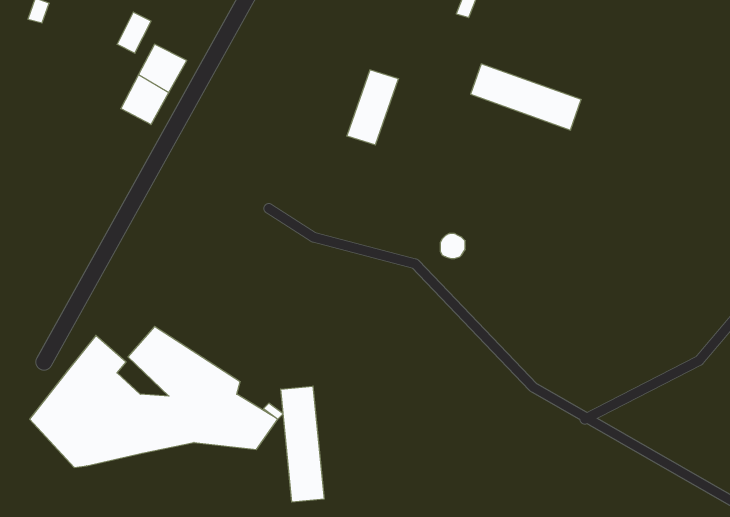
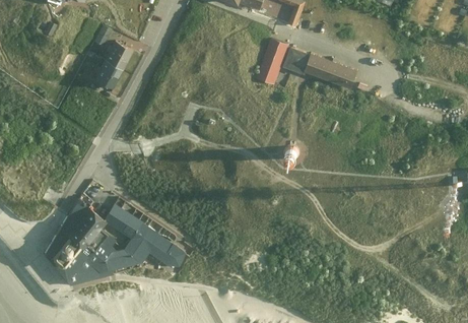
building: [347,70,399,145] -> [258,40,287,82]
building: [281,386,324,502] -> none

